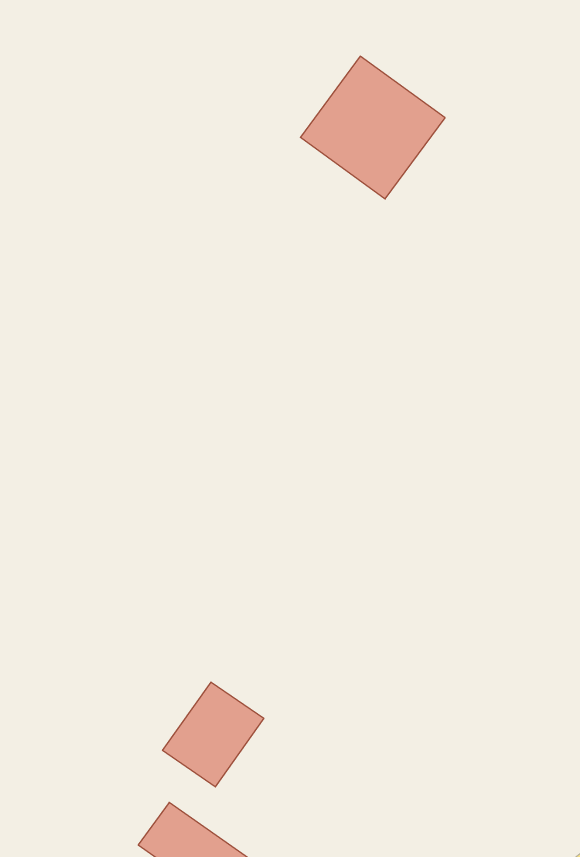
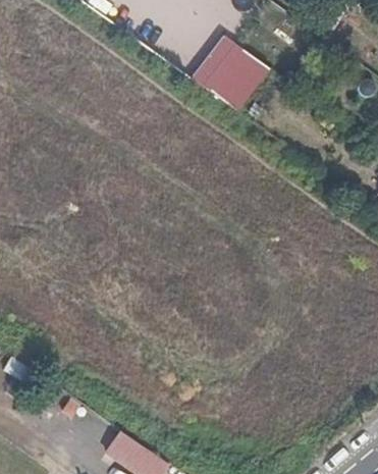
building: [163,682,264,787] -> none

